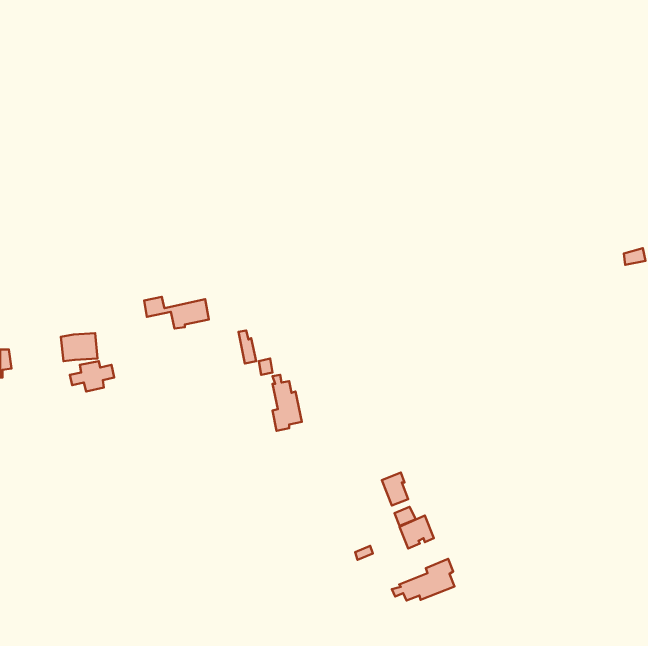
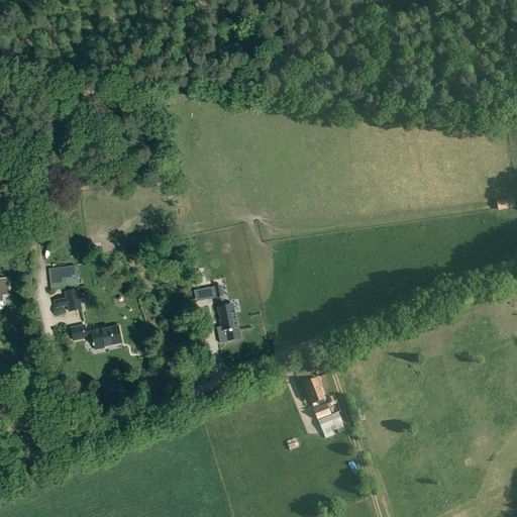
building: [144,297,209,328] -> [71,324,122,349]
building: [392,559,454,600] -> none

